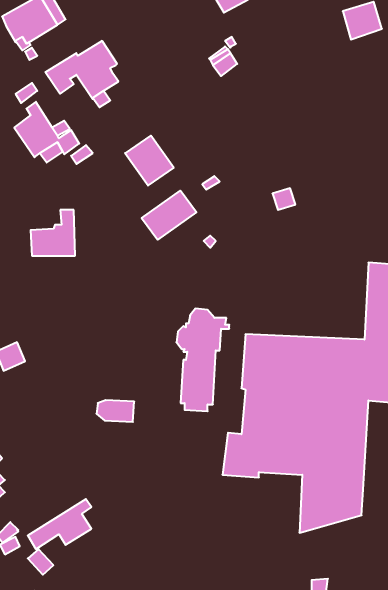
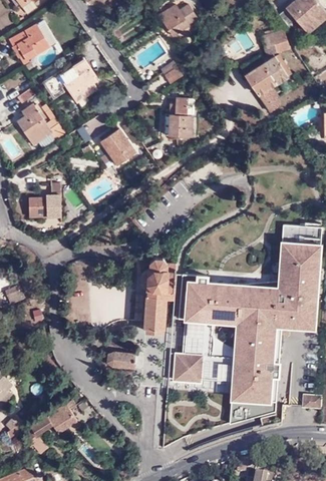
building: none -> [245,55,291,111]
building: none -> [170,99,196,141]
building: [142,191,196,240] -> none
building: [96,400,134,422] -> [105,353,133,369]

